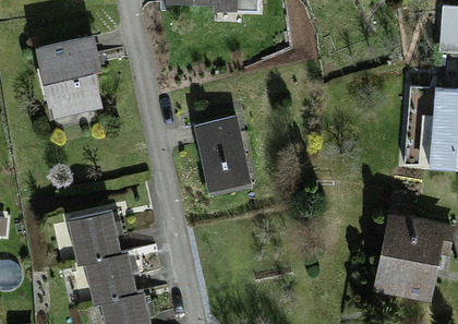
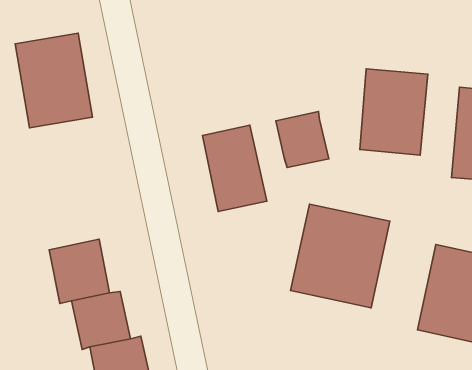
building: none -> [360,69,428,155]
building: none -> [276,111,329,168]
building: none -> [291,204,390,308]

